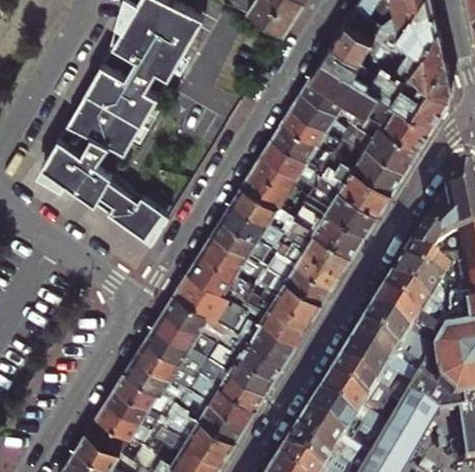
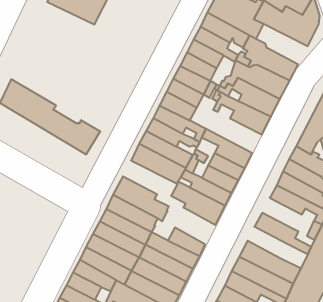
building: [65,65,158,156] -> none
building: [368,98,432,152] -> none
building: [293,199,365,258] -> none
building: [187,254,255,307] -> none
building: [231,315,298,366] -> none
building: [357,315,407,357] -> none
building: [336,349,385,391] -> none

